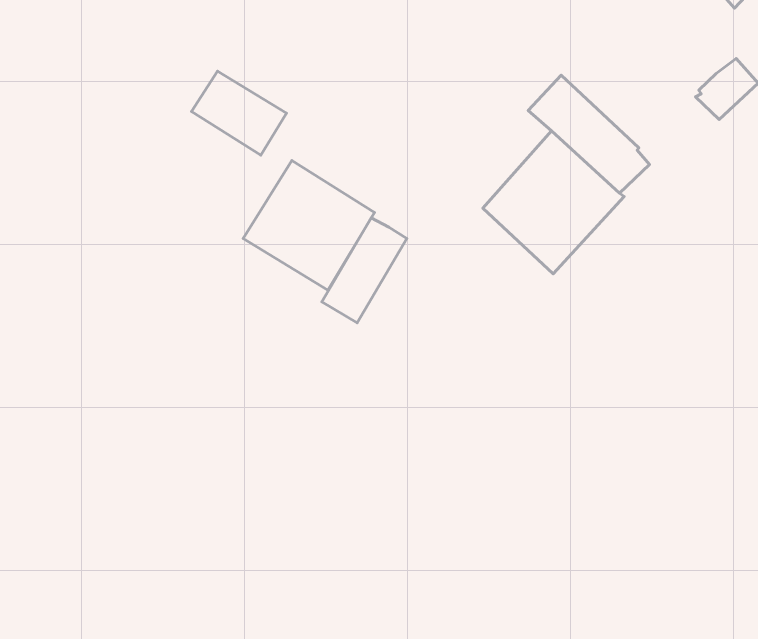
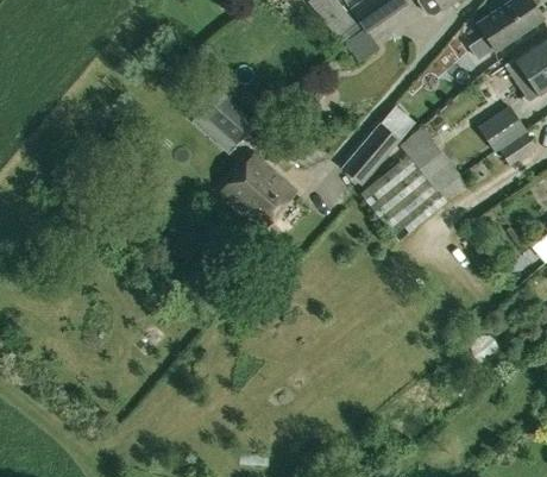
building: none -> [478,105,526,150]
building: [322,218,407,323] -> [344,123,400,183]

